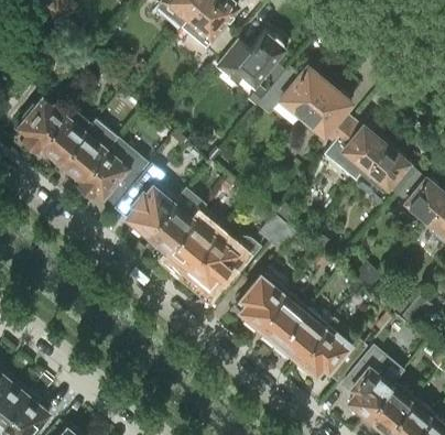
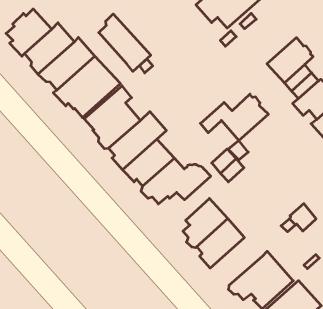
building: [258,66,329,118] -> [200,94,268,140]
building: none -> [99,14,151,71]
building: [274,308,330,362] -> none

